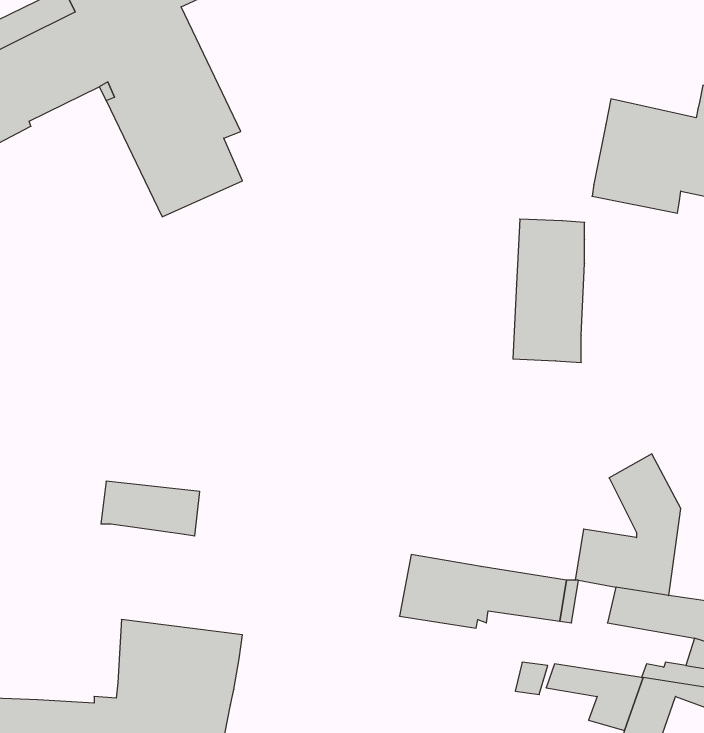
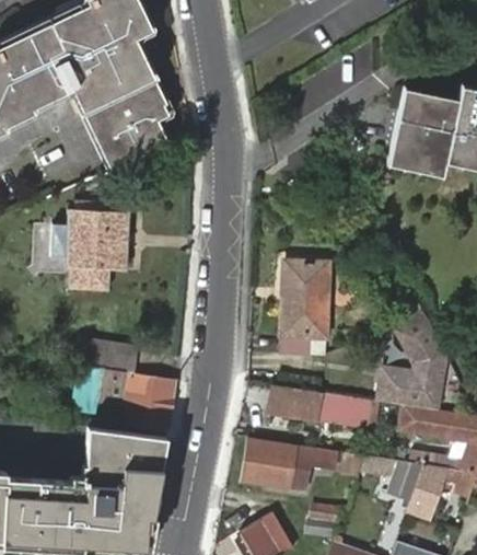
building: [513,219,585,362] -> [281,262,327,354]
building: none -> [51,209,128,291]
building: none -> [78,366,175,428]
building: none -> [243,439,336,489]

